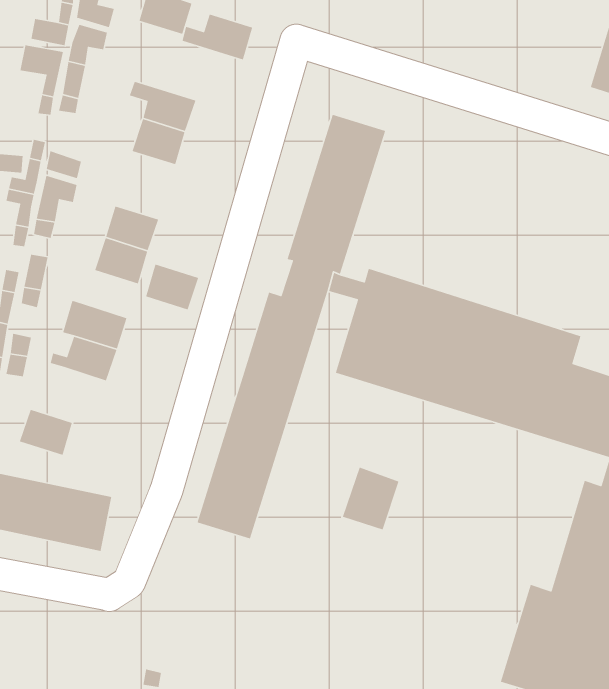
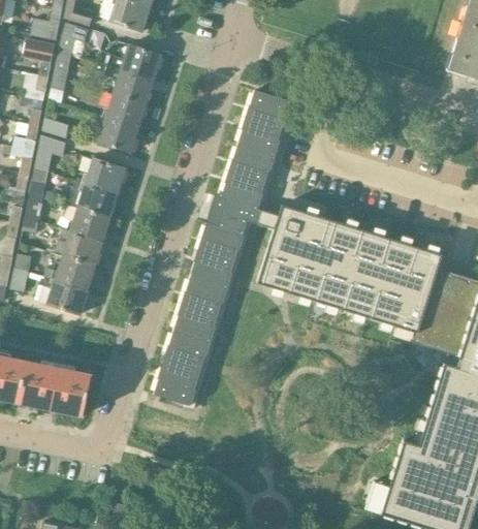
building: [181,13,253,60] -> [107,43,161,79]
building: none -> [98,117,138,151]
building: [145,263,199,311] -> [70,206,110,241]
building: [19,409,73,456] -> [46,278,87,313]
building: [342,467,399,531] -> none

